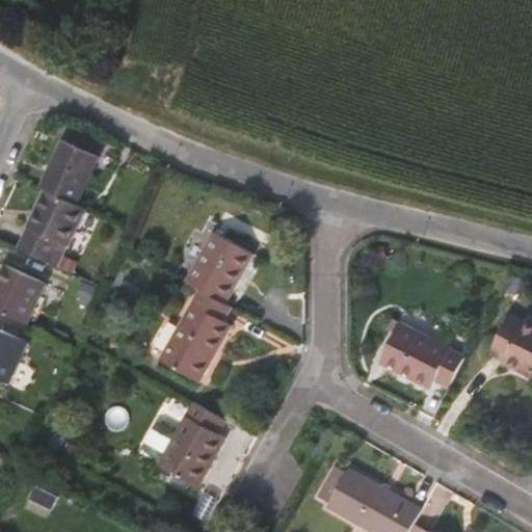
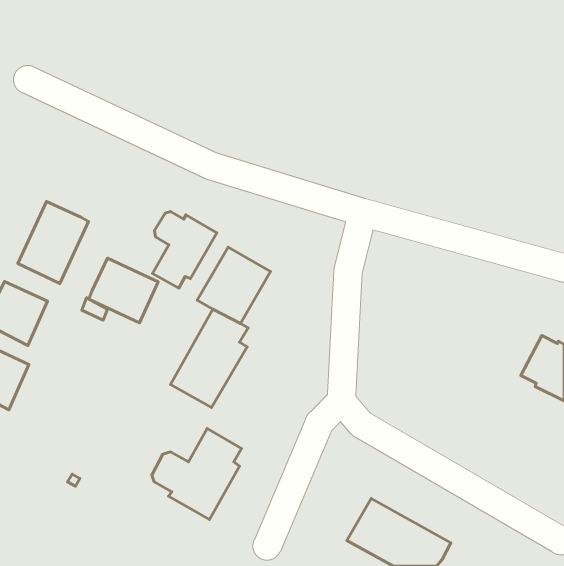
building: [41,140,98,204] -> none
building: none -> [152,212,217,288]
building: none -> [89,258,158,323]
building: [378,323,463,390] -> none

